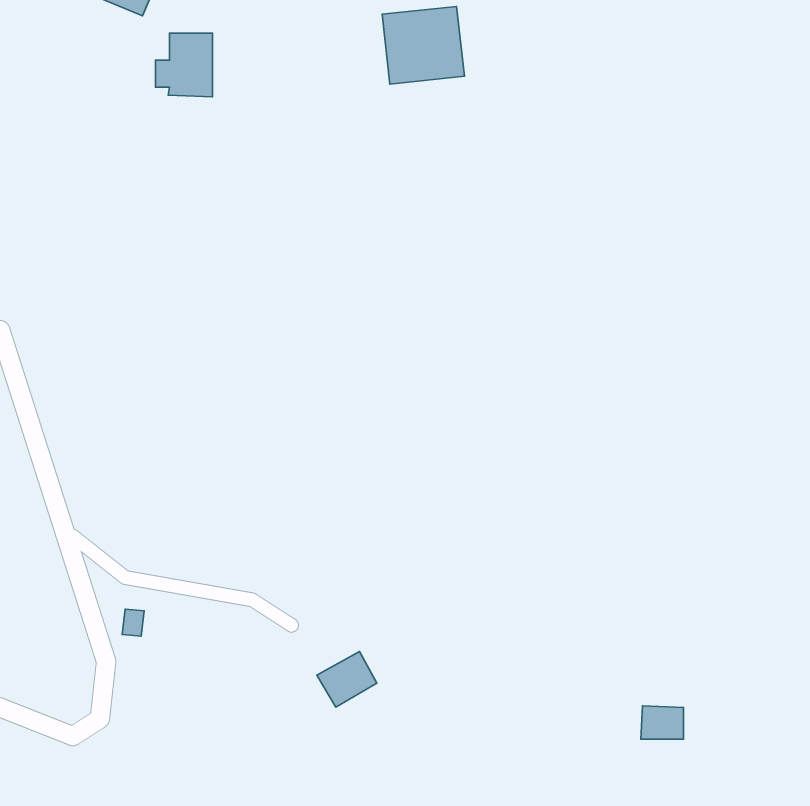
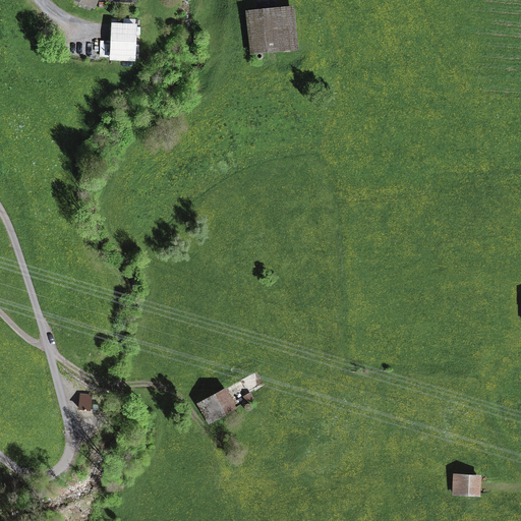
building: [317,651,377,707] -> [197,386,236,421]
building: [641,706,684,739] -> [453,472,480,494]

